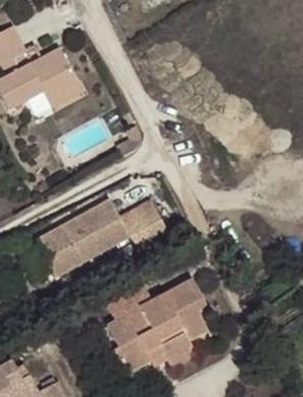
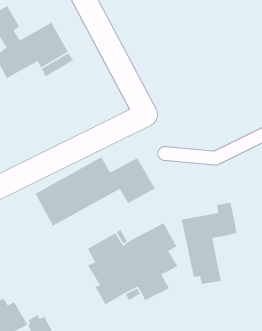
building: none -> [181,202,238,285]

